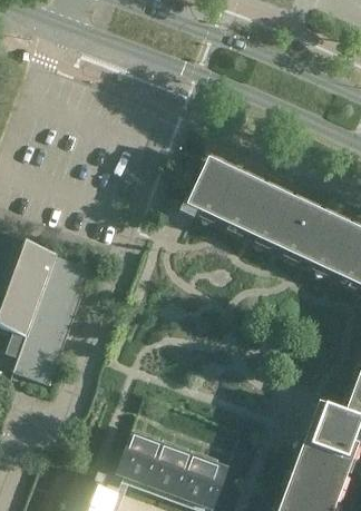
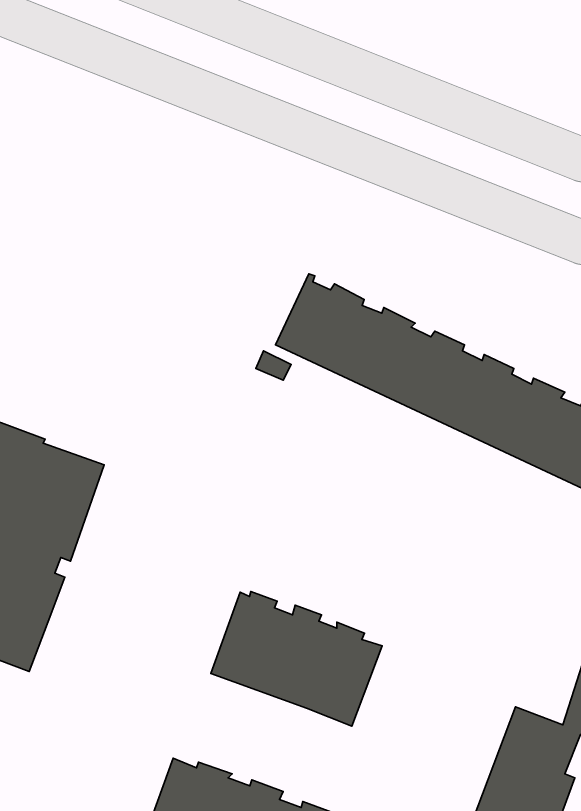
building: none -> [211,592,382,726]

